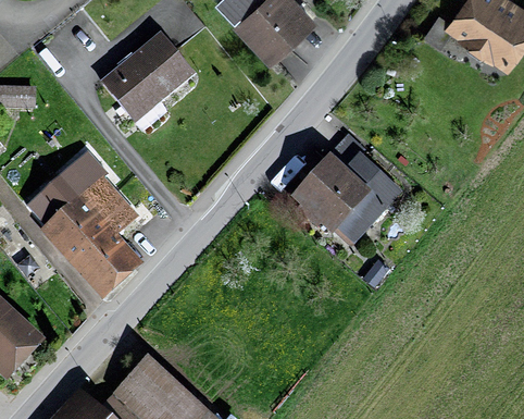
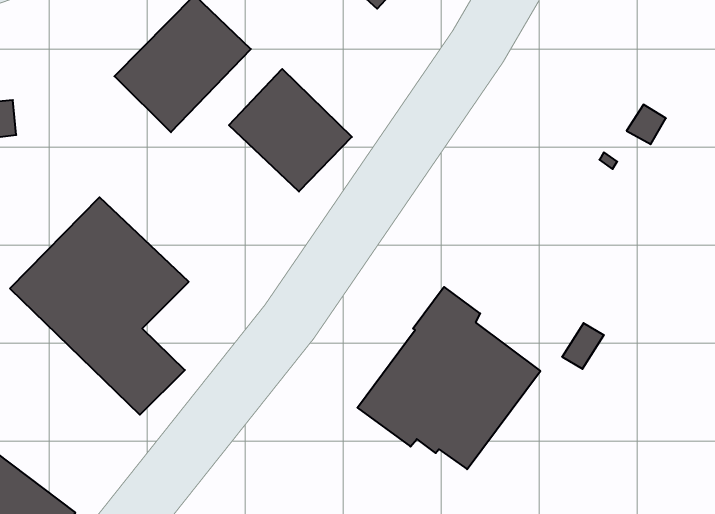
building: none -> [229,69,352,192]
building: [286,135,401,249] -> [357,287,540,469]

